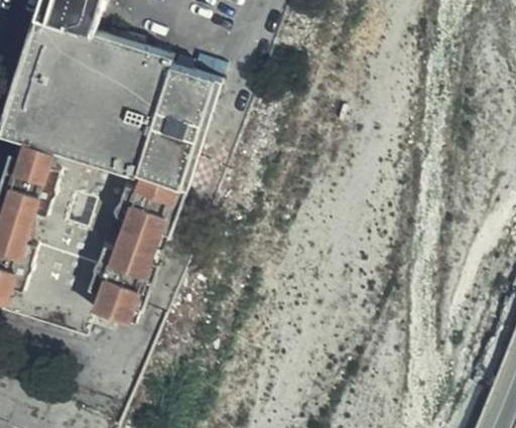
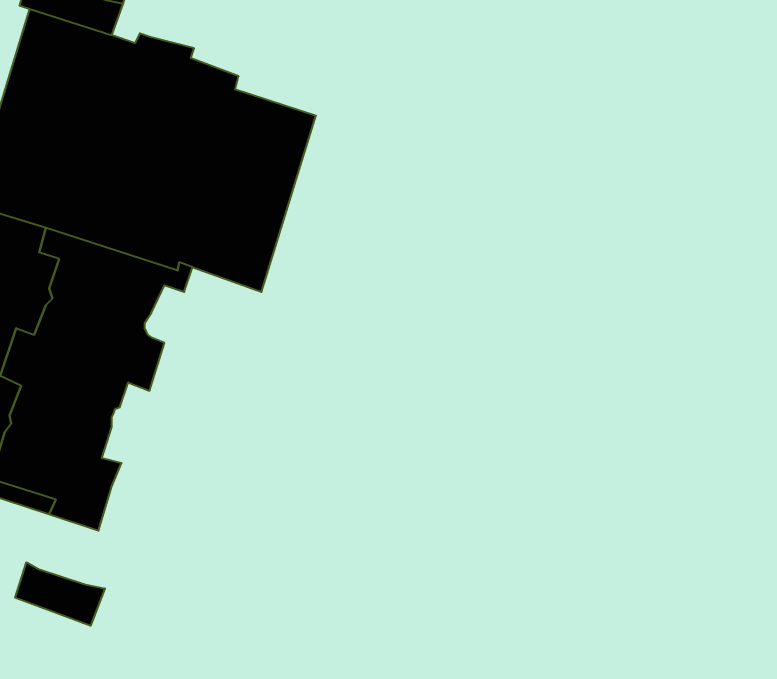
building: [84,172,181,318] -> none
building: none -> [15,562,105,626]

